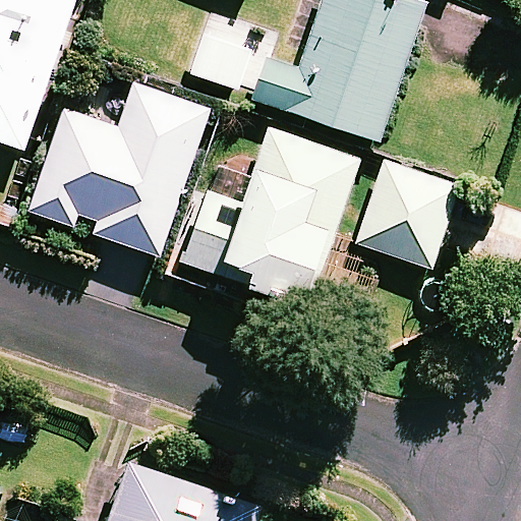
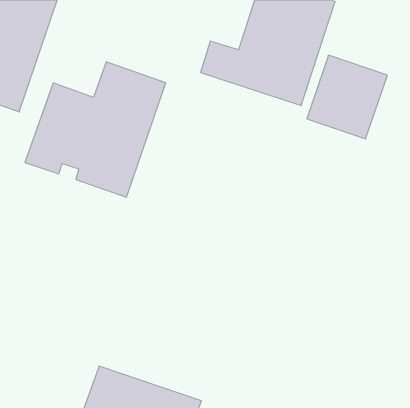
building: [182,126,359,292] -> none
building: [357,162,459,268] -> [307,55,387,139]

